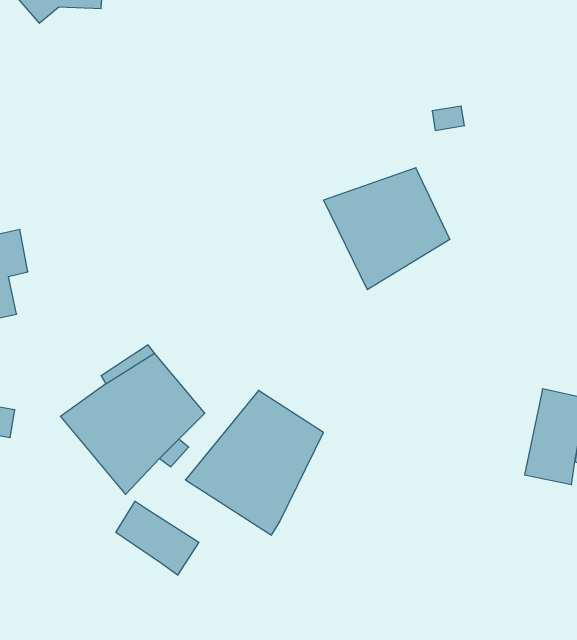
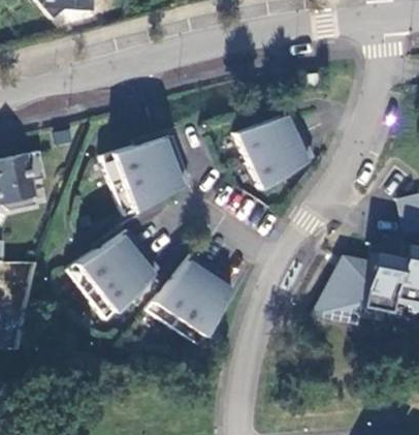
building: none -> [99,136,187,217]
building: none -> [313,258,369,322]
building: [116,501,199,575] -> none

